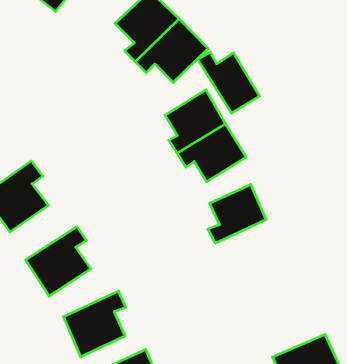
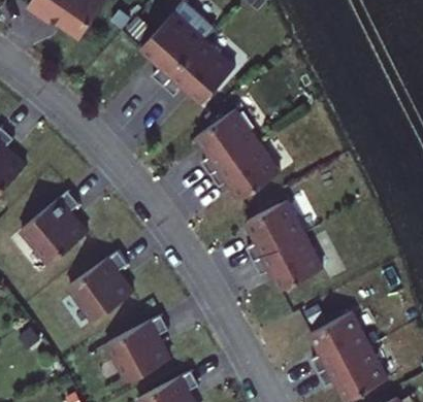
building: [198,52,260,113] -> none
building: none -> [254,234,322,291]
building: none -> [311,310,369,371]

